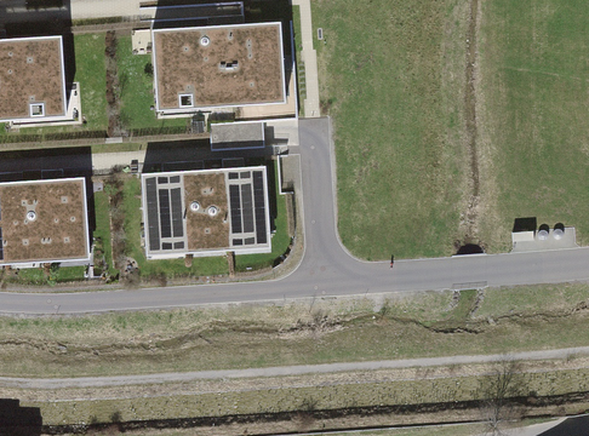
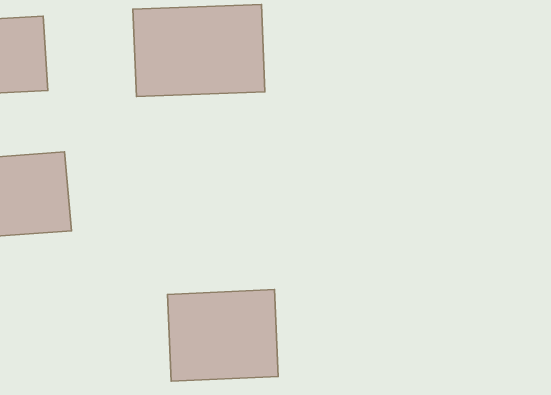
building: [139,165,275,253] -> none
building: none -> [167,290,278,381]

